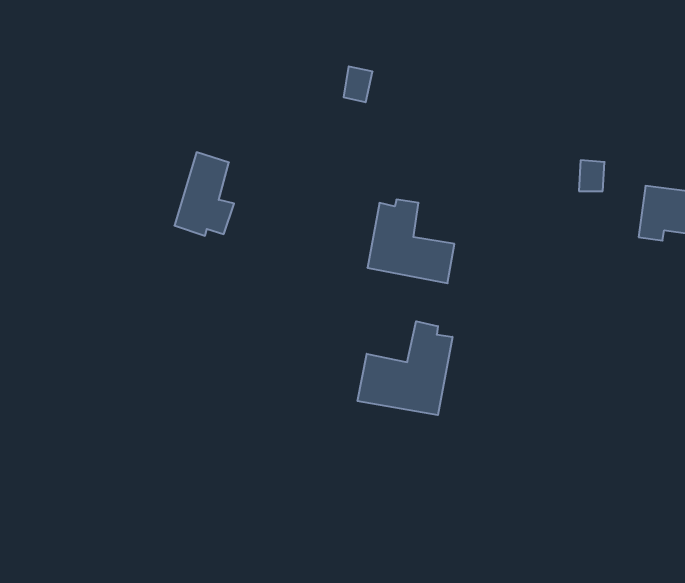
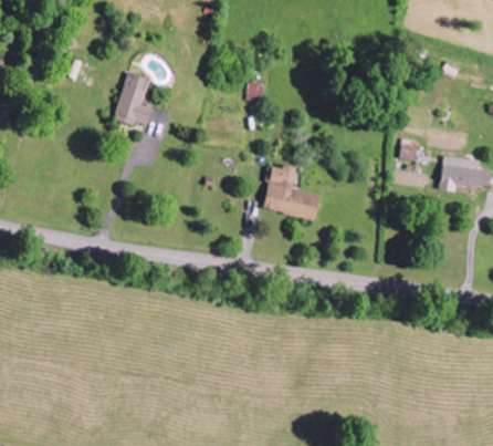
building: [174,152,234,236] -> [115,72,154,126]
building: [358,321,452,415] -> none

